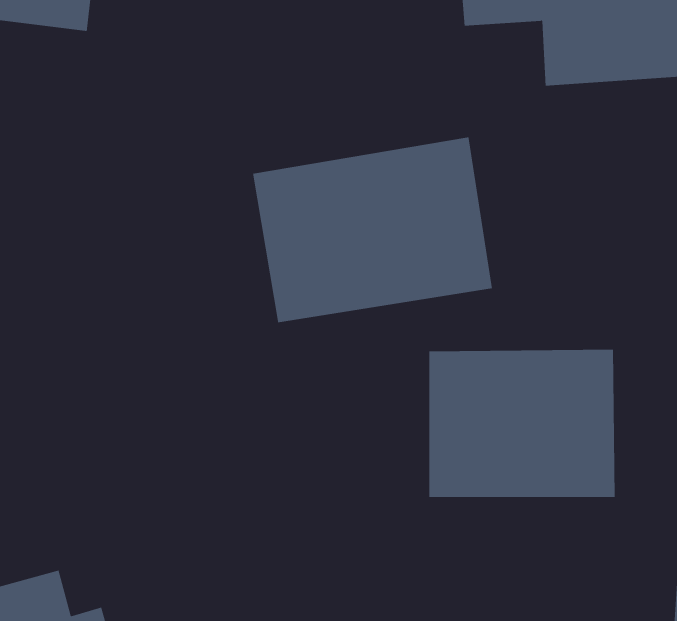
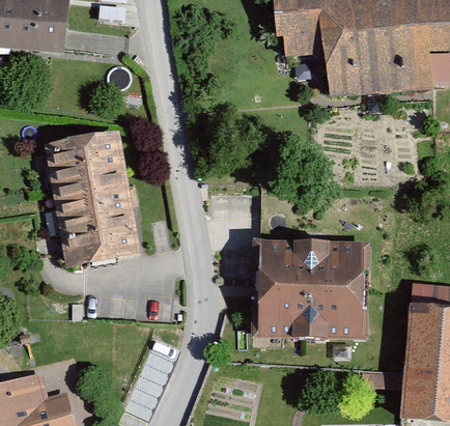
building: [252,136,492,323] -> none
building: none -> [51,134,138,258]

